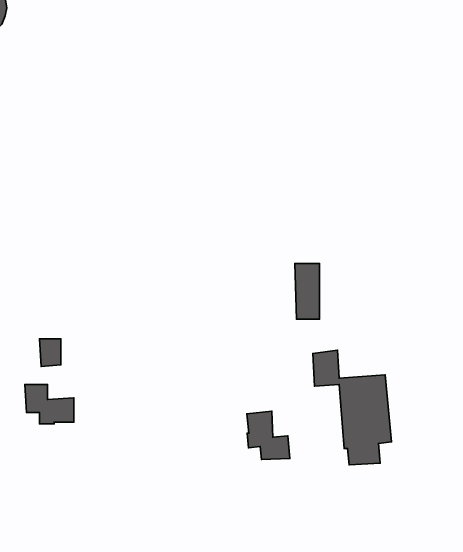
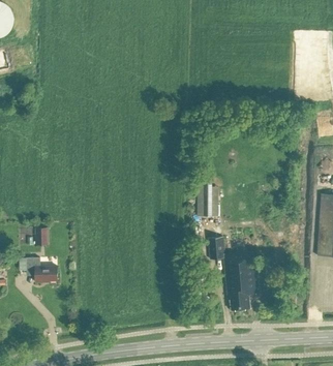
building: [247,411,290,459] -> none

